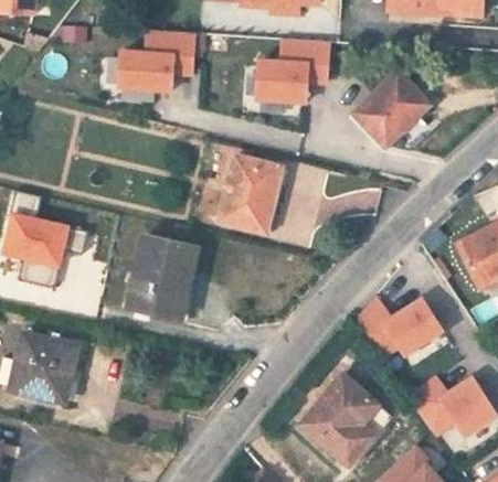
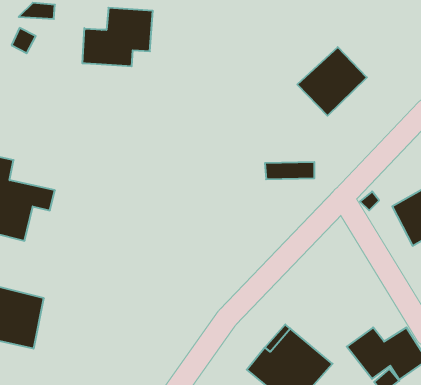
building: [256,38,328,101] -> none
building: [219,158,279,233] -> none
building: [130,236,197,315] -> none
building: [354,296,442,361] -> none

